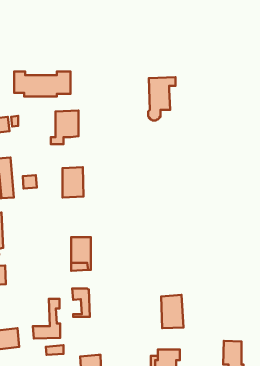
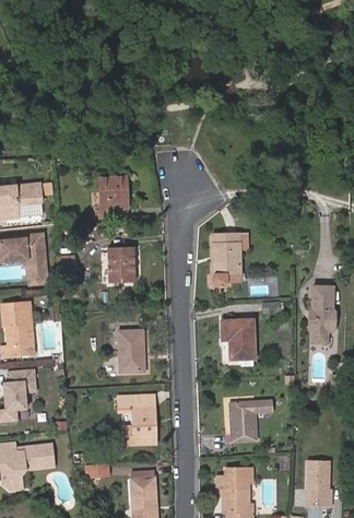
building: [14,72,71,96] -> none
building: [148,77,175,120] -> [213,236,247,290]
building: none -> [309,285,337,341]
building: none -> [223,322,255,362]
building: [33,299,60,339] -> [120,396,154,445]

